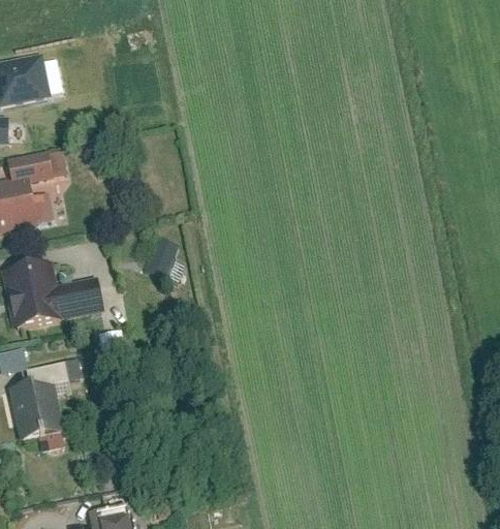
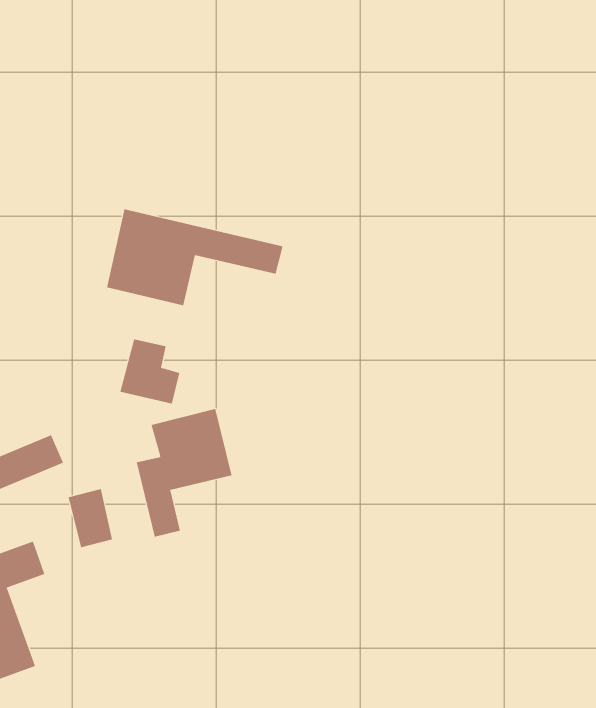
building: none -> [107,209,283,306]
building: none -> [136,408,232,538]

